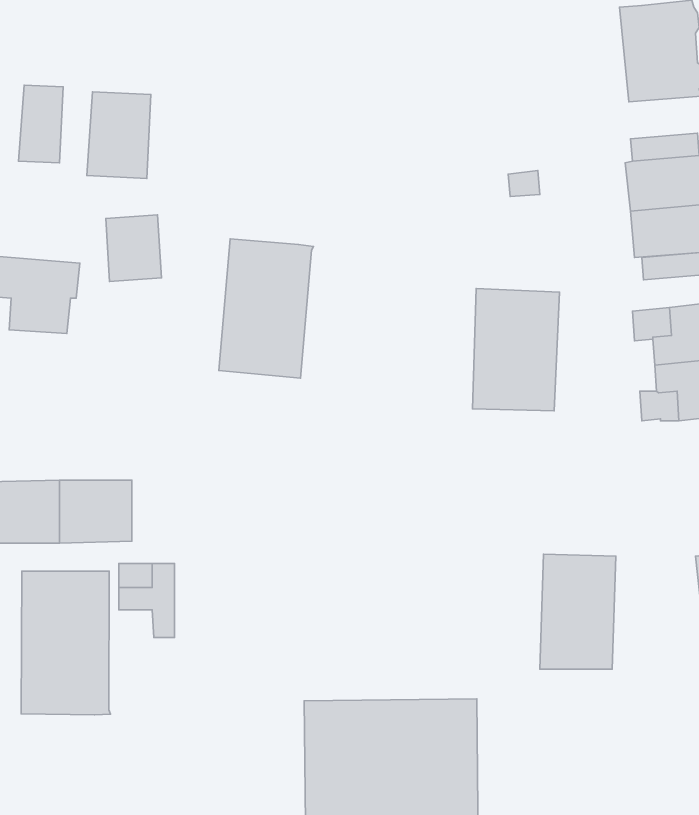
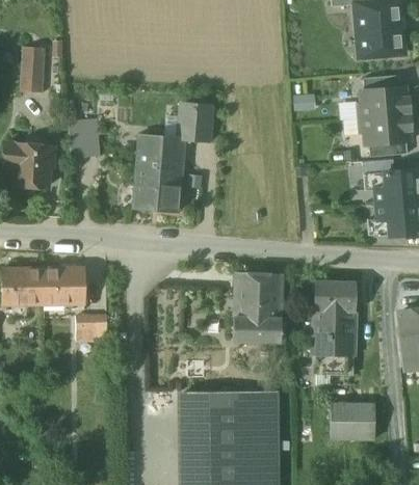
building: [87,92,151,179] -> none
building: none -> [177,103,213,142]
building: [472,288,560,411] -> [233,273,282,342]
building: none -> [313,281,355,312]
building: [21,571,110,715] -> none
building: none -> [330,404,374,439]

